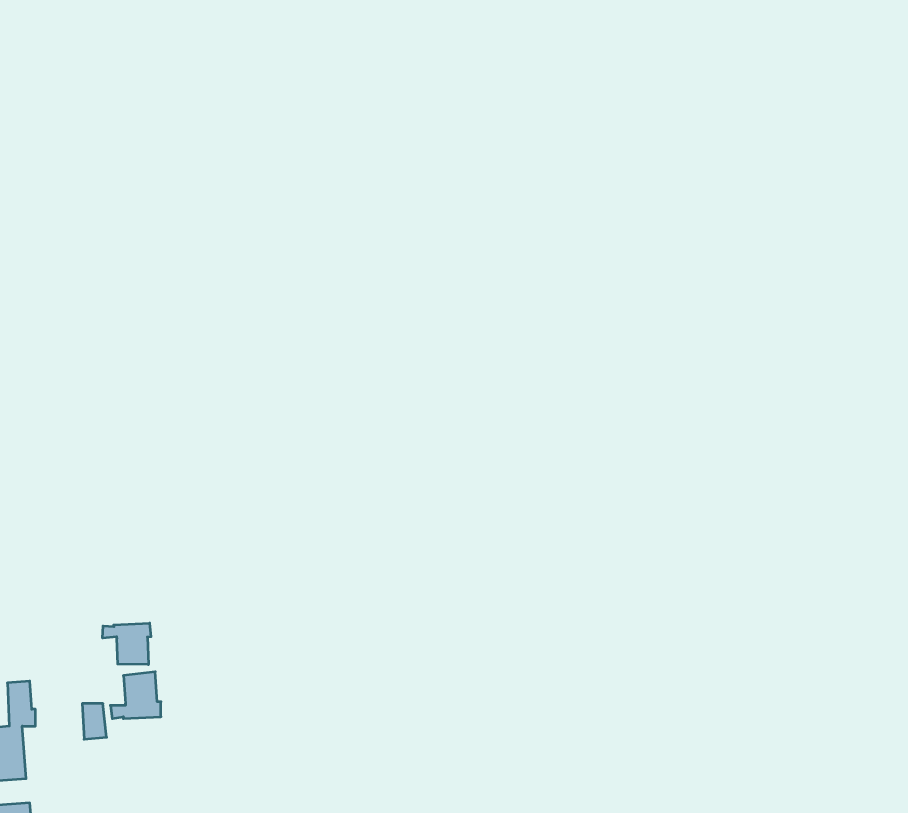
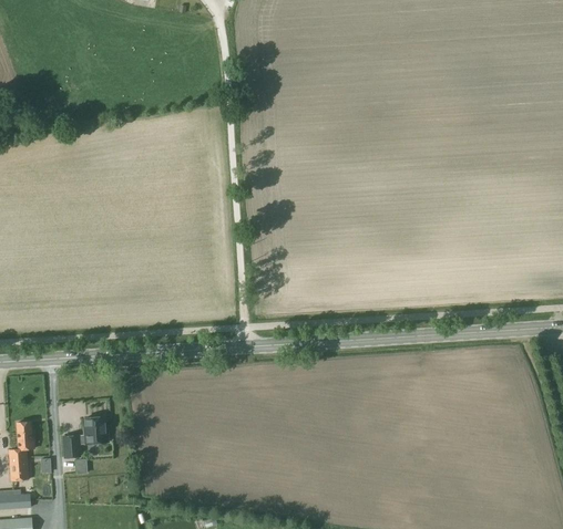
building: [103,623,151,665] -> none

